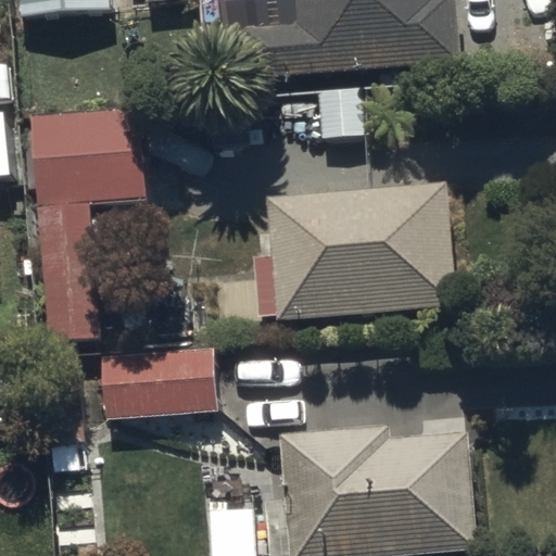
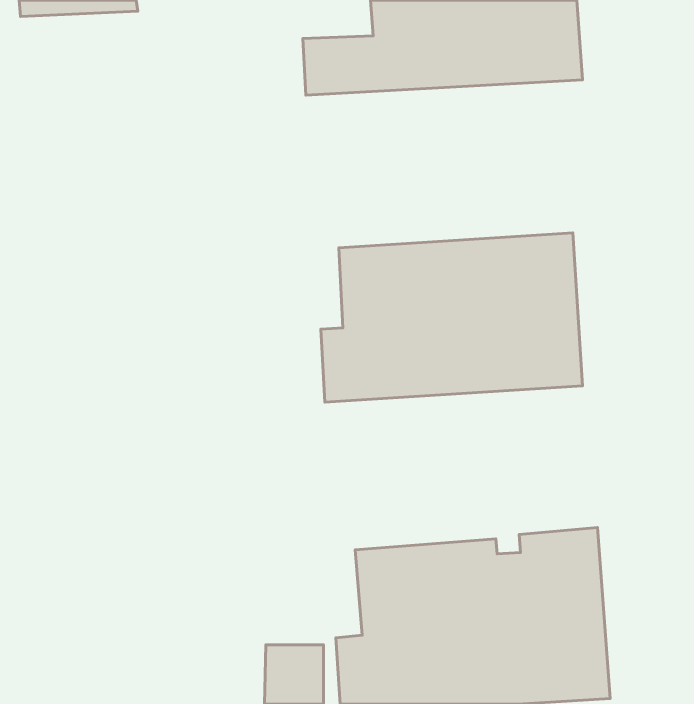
building: [28,109,143,340] -> none
building: [99,349,217,416] -> none

